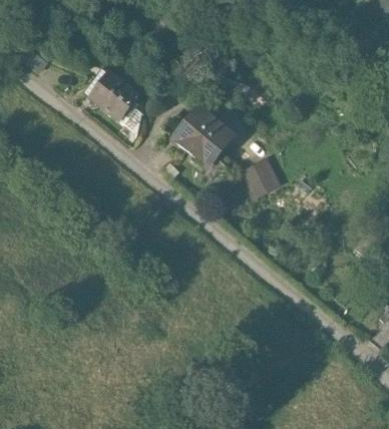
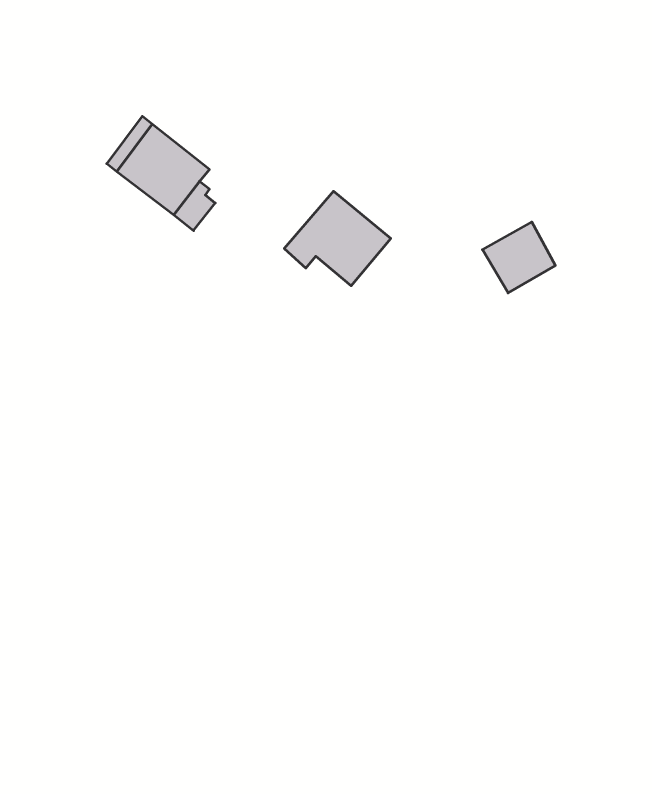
building: [241,158,278,194] -> [482,222,555,293]

